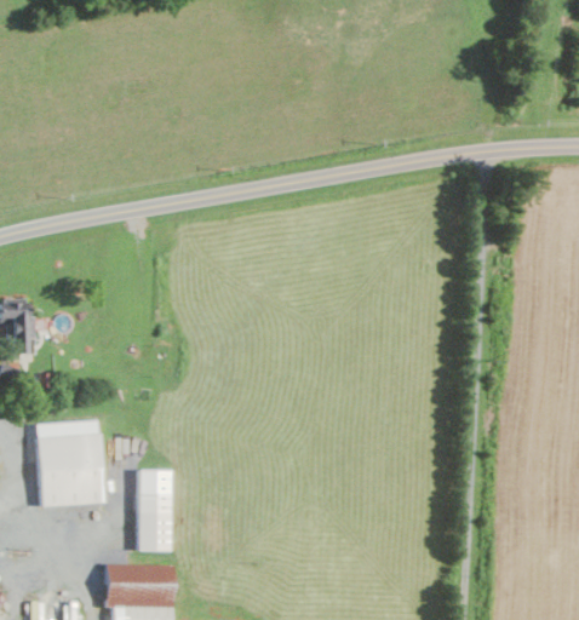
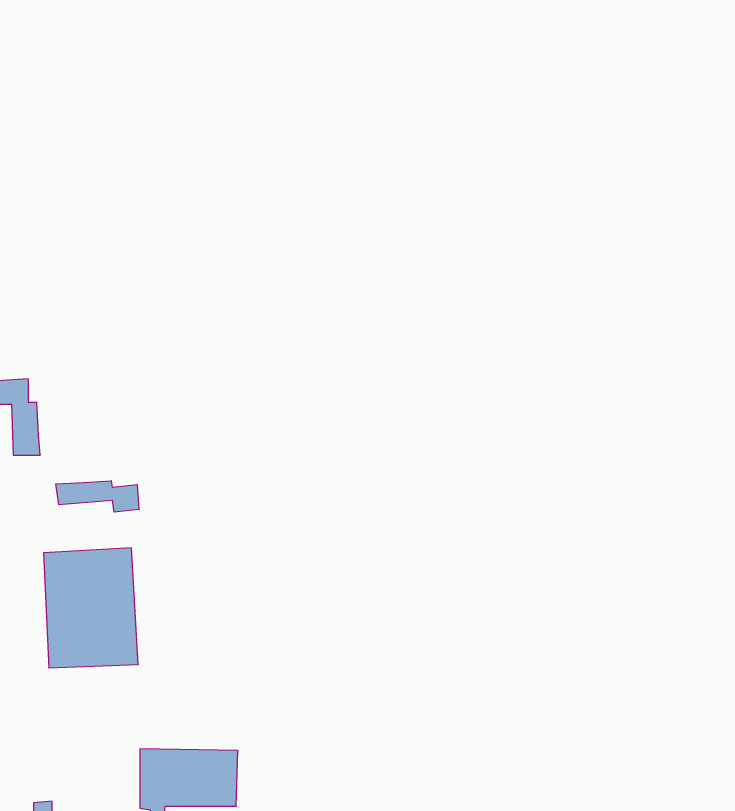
building: none -> [56,481,139,512]
building: [134,470,172,551] -> none

